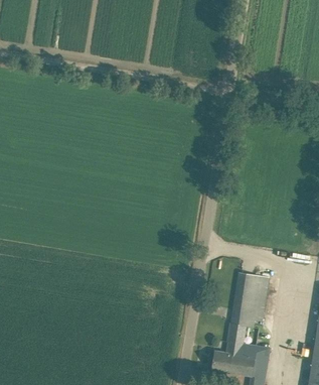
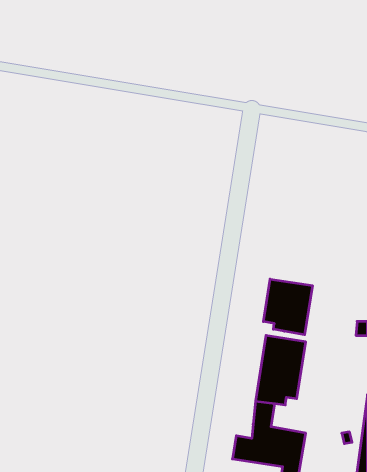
building: none -> [263,279,312,335]

